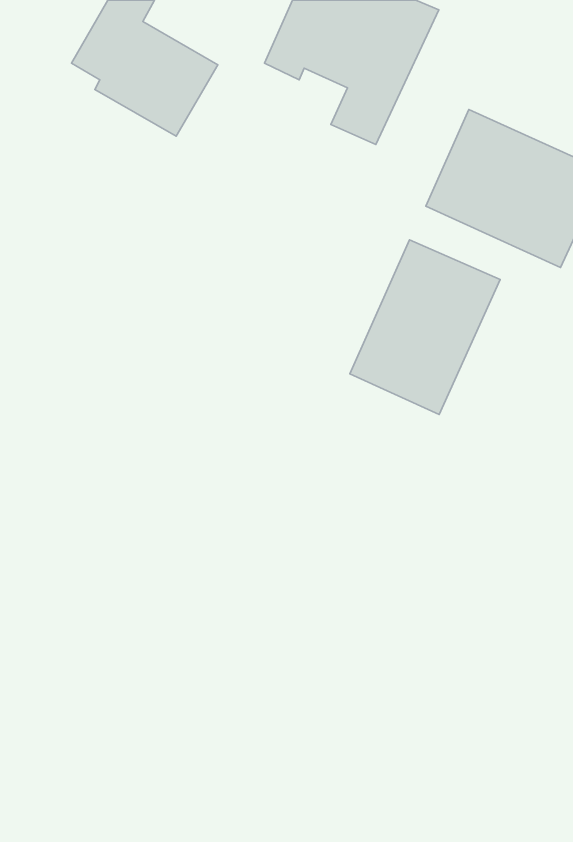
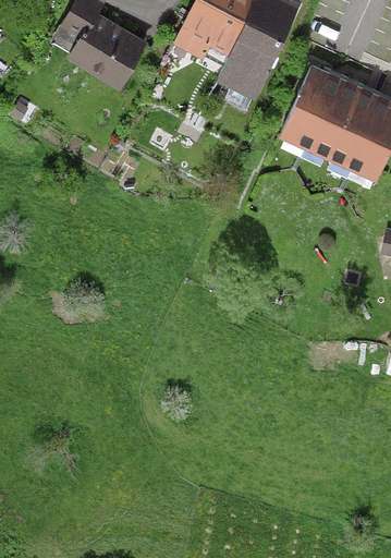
building: [350,240,500,414] -> none

